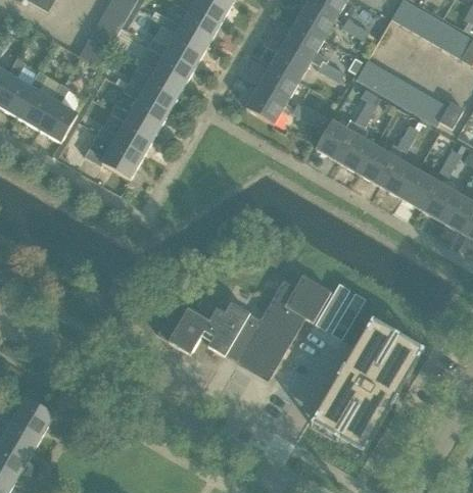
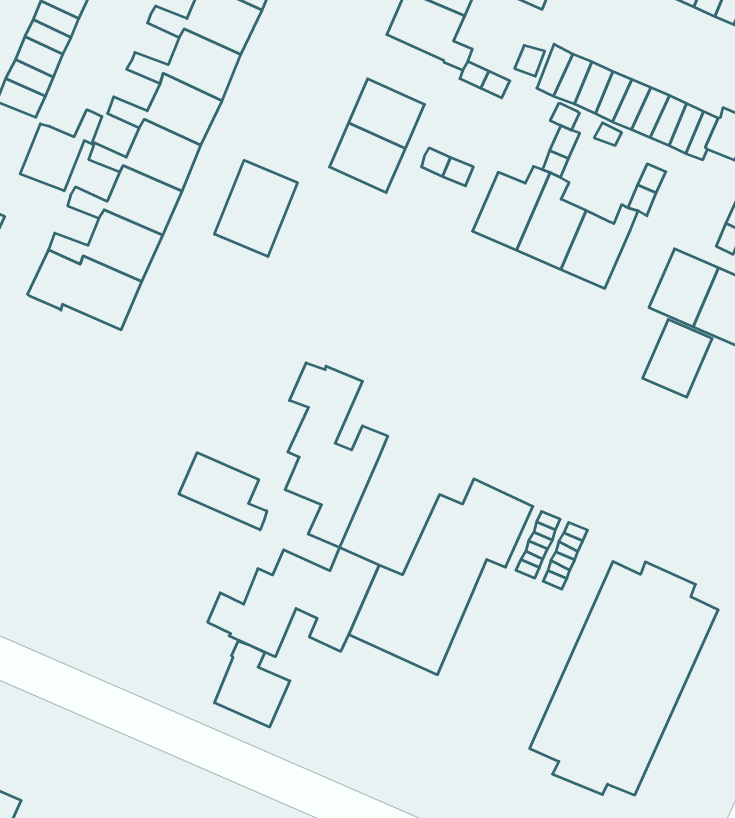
building: [271,44,311,82] -> none
building: none -> [20,110,102,191]
building: none -> [214,160,297,257]
building: [380,157,418,198] -> [643,319,712,397]
building: none -> [285,363,388,548]
building: none -> [179,453,267,530]
building: none -> [214,641,290,727]

